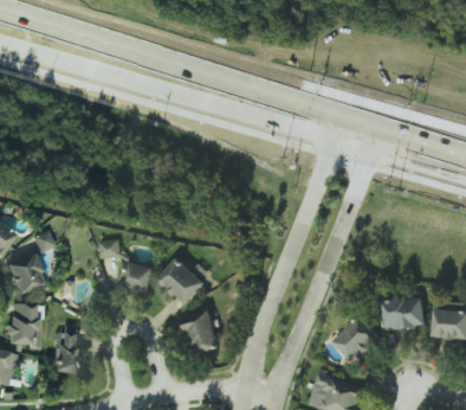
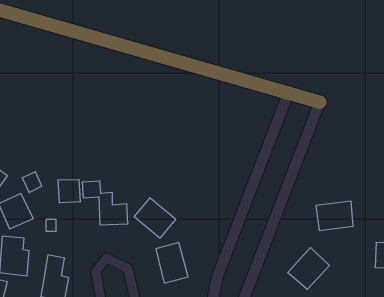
building: none -> [58,179,80,203]
building: [382,297,425,331] -> [316,201,353,230]

